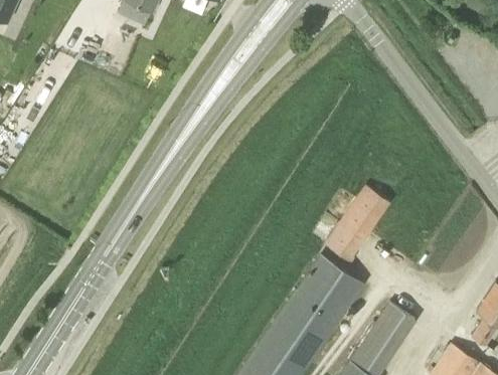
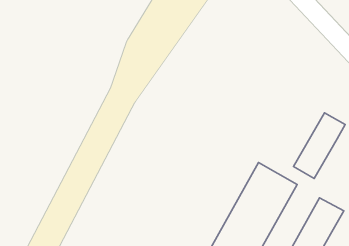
building: [325,185,390,261] -> [294,113,345,178]

